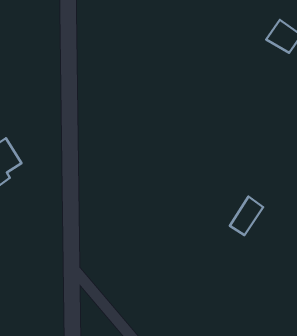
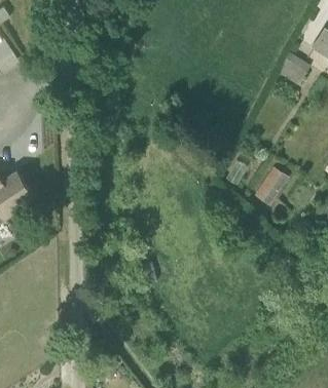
building: [230,197,263,235] -> [255,166,288,204]

